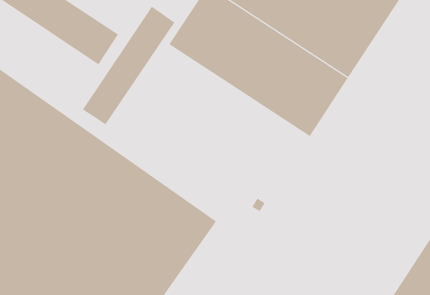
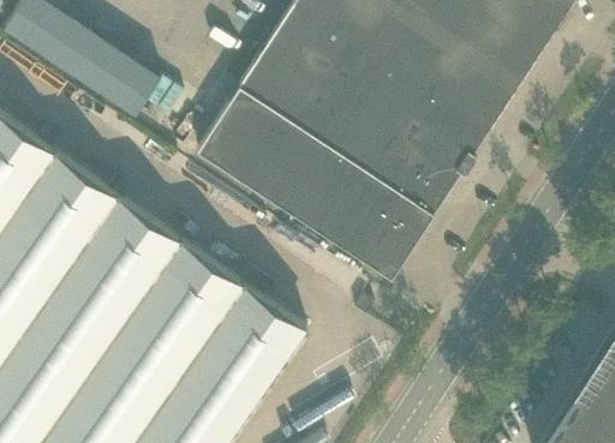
building: [82,6,175,125] -> none
building: none -> [196,88,434,280]

